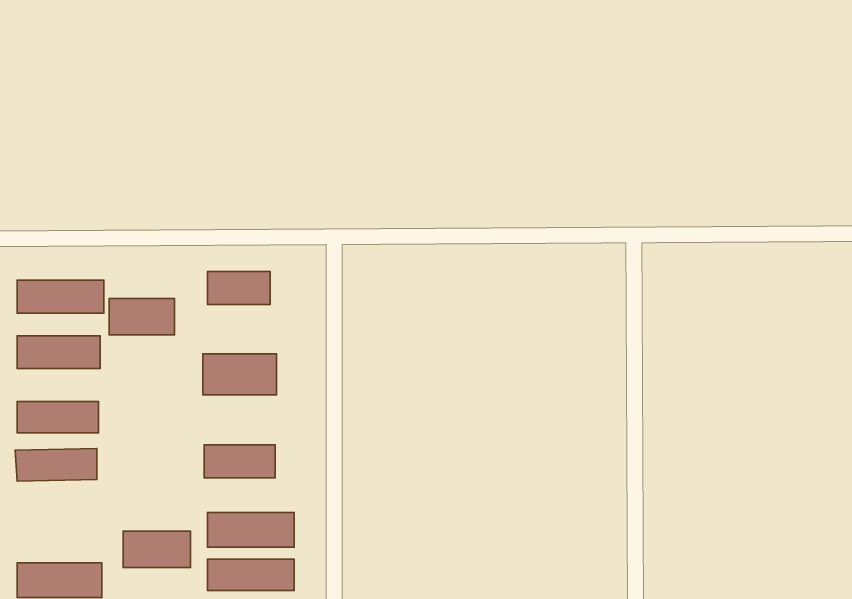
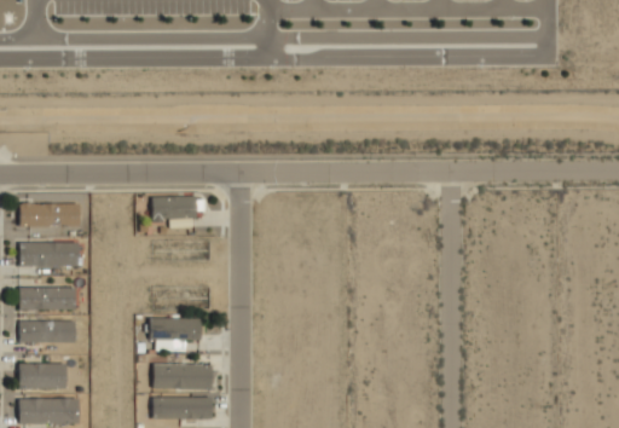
building: [109,299,175,335] -> none
building: [203,354,276,395] -> none
building: [123,531,191,567] -> [19,363,66,388]

